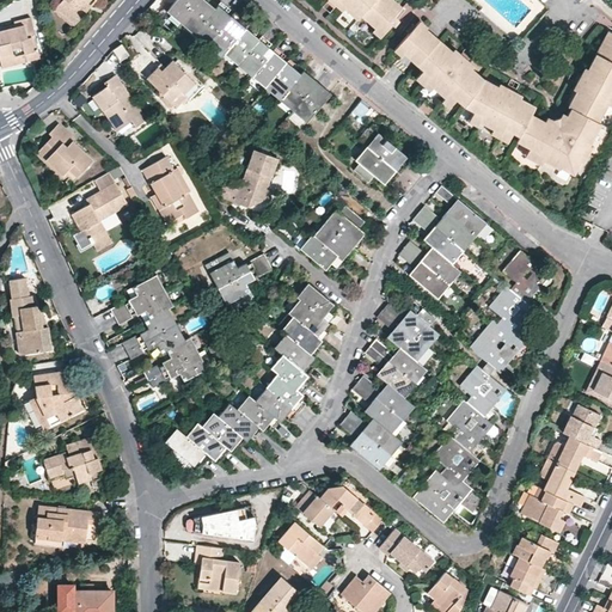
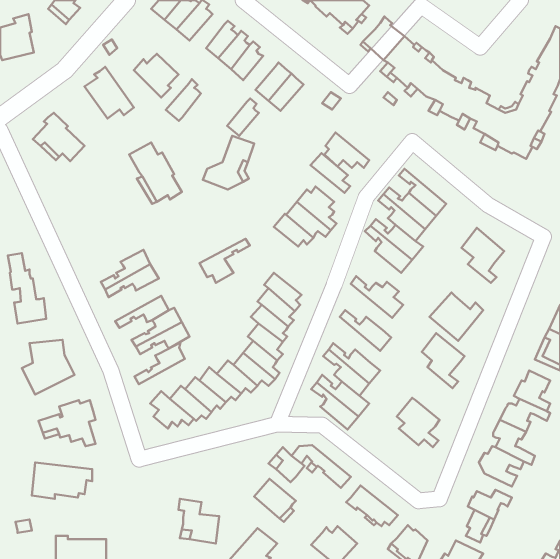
building: [207,12,245,57] -> [166,79,201,121]
building: [265,59,300,99] -> [227,98,259,136]
building: [366,133,409,176] -> [311,153,350,193]
building: [71,171,128,251] -> none
building: [209,252,268,288] -> none
building: [296,282,333,323] -> none
building: [489,286,536,339] -> none
building: [121,306,176,351] -> [134,342,185,384]
building: [377,311,428,361] -> none
building: [365,347,415,397] -> none
building: [446,399,494,459] -> none
building: [412,469,484,531] -> none
building: [194,506,253,539] -> none

